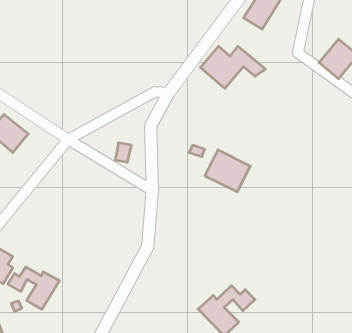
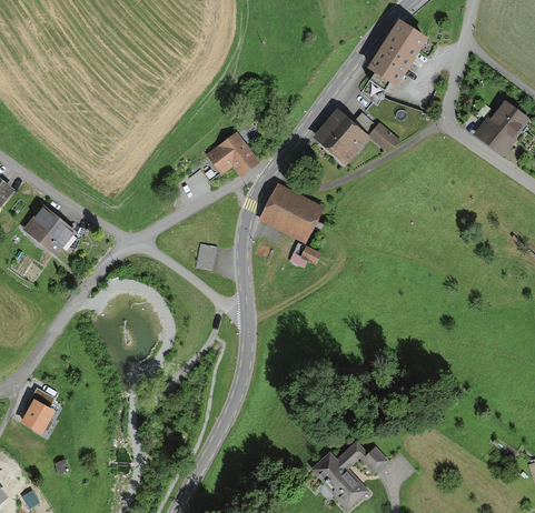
building: none -> [205,133,255,174]
building: [205,150,250,192] -> [259,184,321,242]
building: [8,267,59,309] -> none

